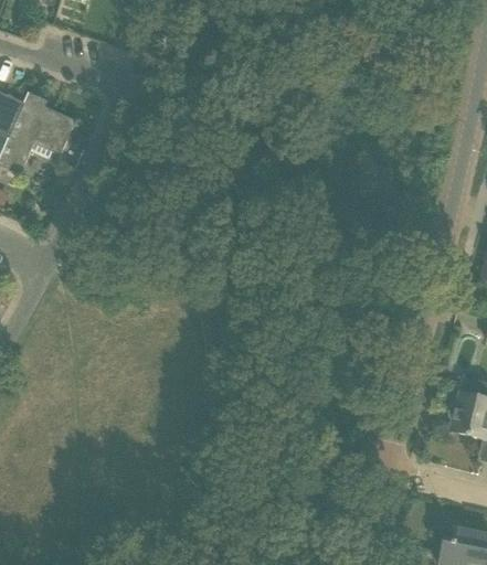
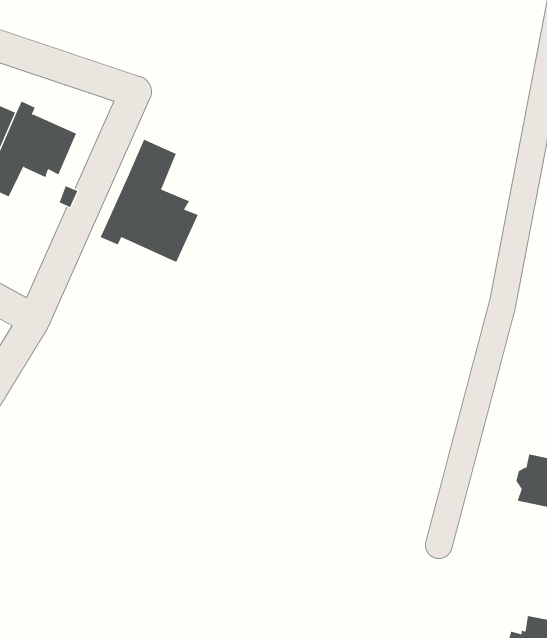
building: none -> [100,139,198,263]

